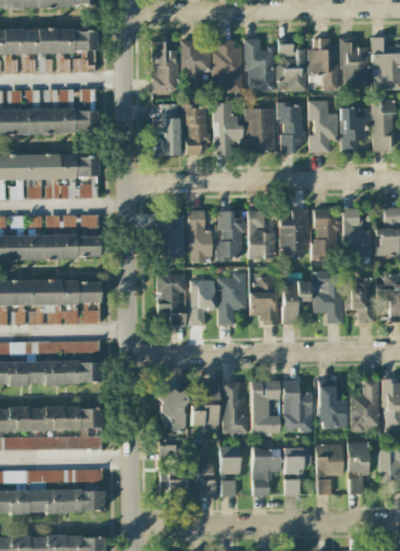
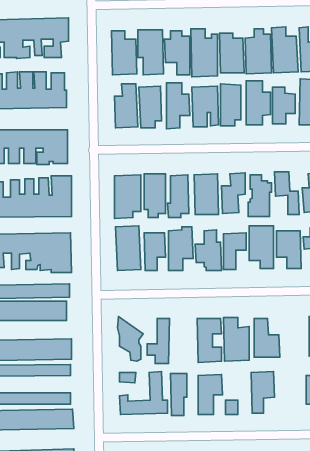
building: [350,378,379,429] -> none
building: [222,381,249,433] -> none
building: [348,441,370,493] -> none
building: [284,446,312,474] -> none

